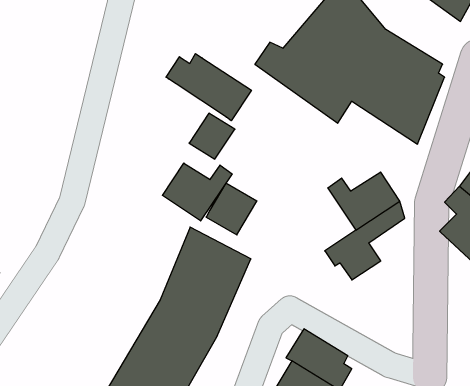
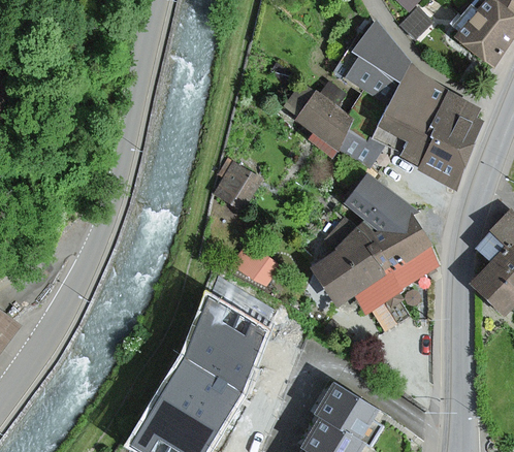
building: [166,54,251,121] -> none
building: none -> [347,175,416,239]
building: [162,163,232,221] -> none
building: none -> [310,236,386,312]

